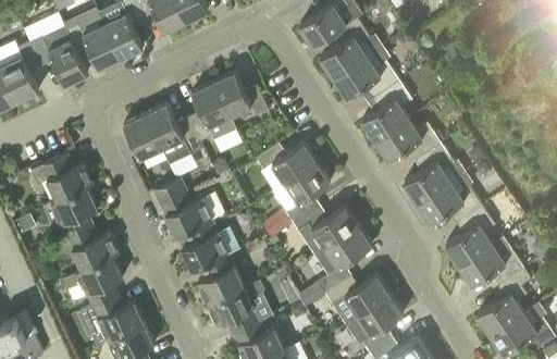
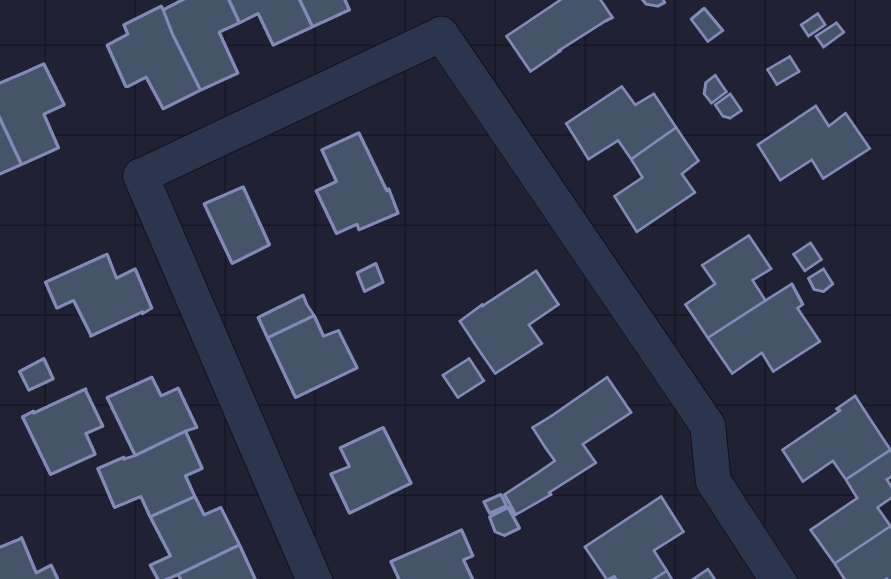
building: [320,17,370,77] -> none
building: [29,27,87,85] -> none
building: [213,72,268,116] -> none
building: [146,103,203,164] -> none
building: [375,117,441,161] -> [758,106,870,180]
building: [256,143,317,184] -> none
building: [50,187,97,237] -> [22,389,103,475]
building: [293,205,358,248] -> none
building: [445,205,495,268] -> none
building: [178,220,239,271] -> none
building: [324,275,389,324] -> none
building: [208,280,273,333] -> none

